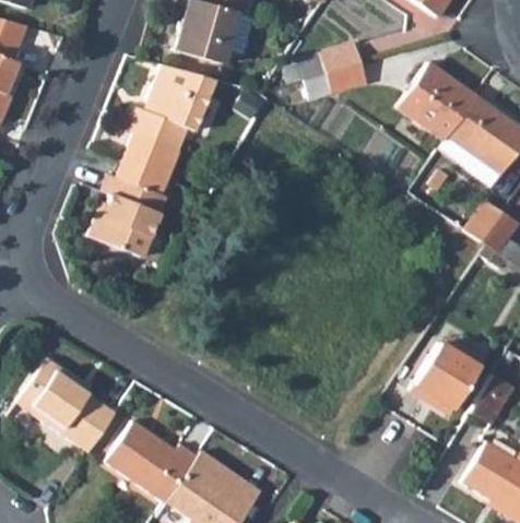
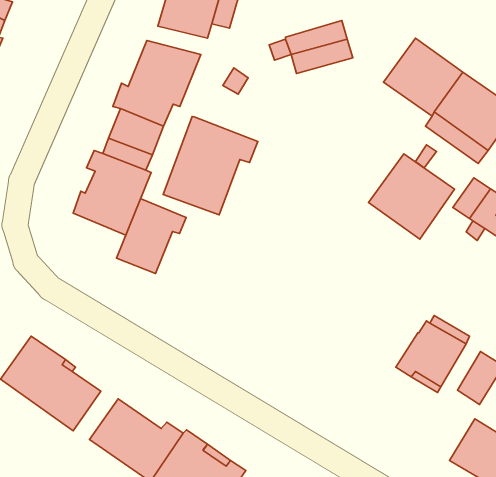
building: none -> [163,117,258,215]
building: none -> [368,154,455,239]
building: none -> [117,199,186,274]

